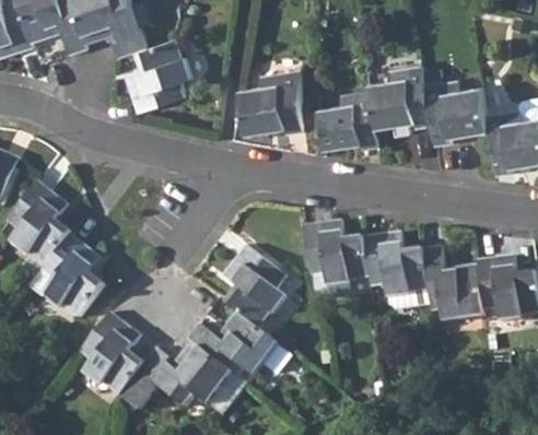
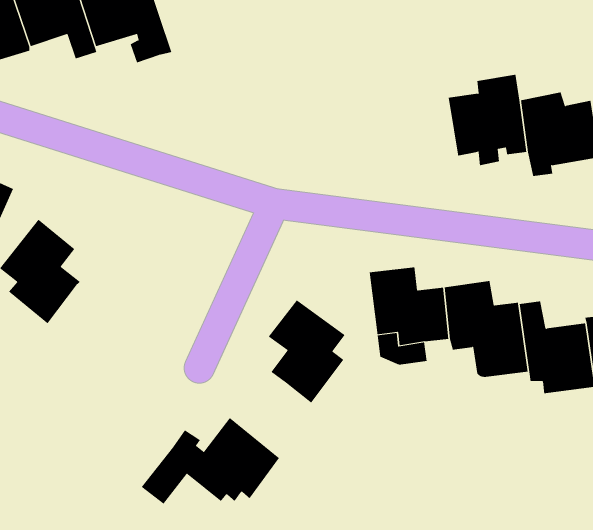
building: [126,38,189,113] -> none
building: [241,69,304,134] -> none
building: [318,91,377,151] -> none
building: [40,234,104,317] -> none
building: [188,313,277,377] -> none
building: [80,314,145,398] -> none

